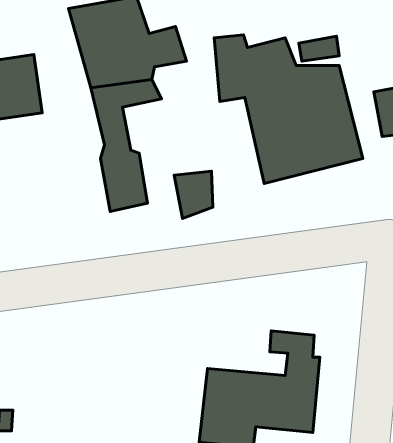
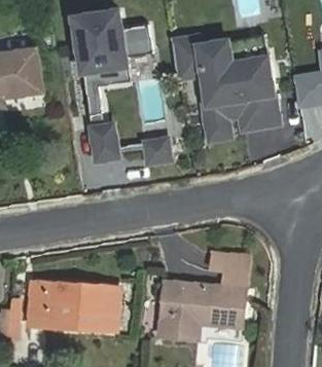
building: none -> [30,282,120,331]

